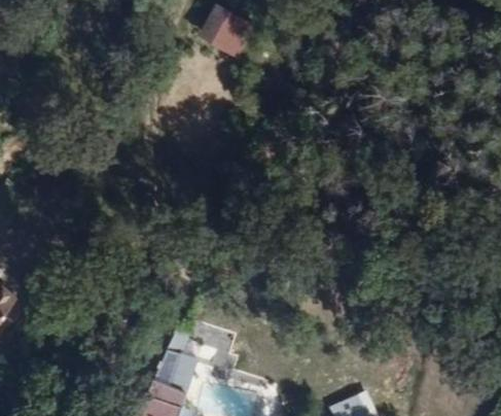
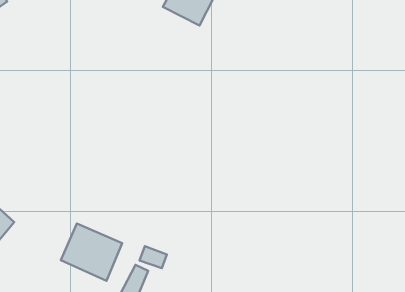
building: none -> [61,224,122,281]

